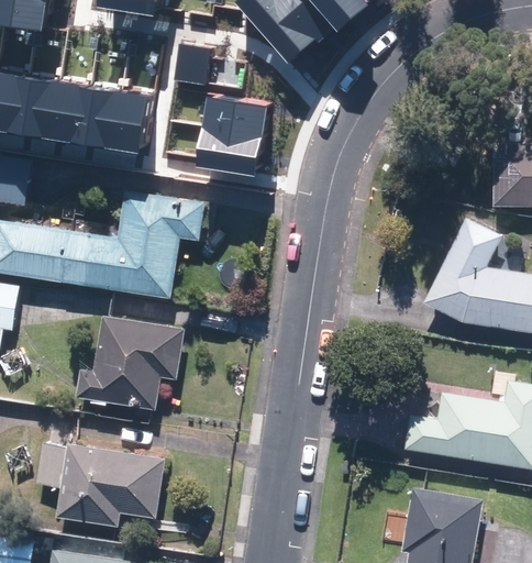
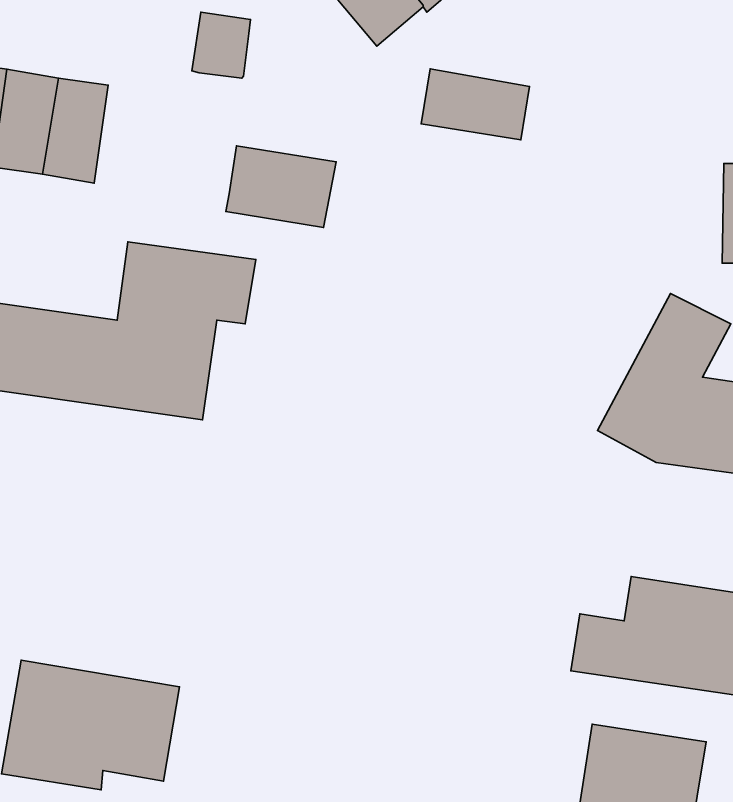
building: [111,90,149,155] -> none
building: [199,93,266,137] -> [421,69,530,140]
building: [74,318,181,409] -> none

